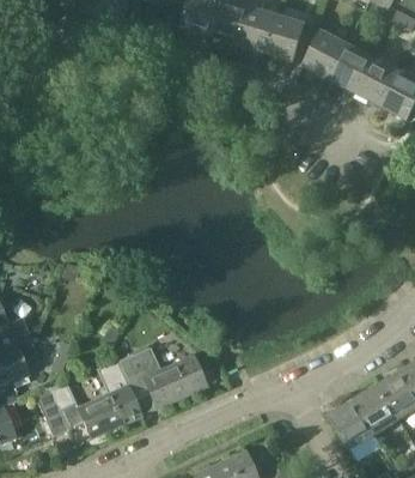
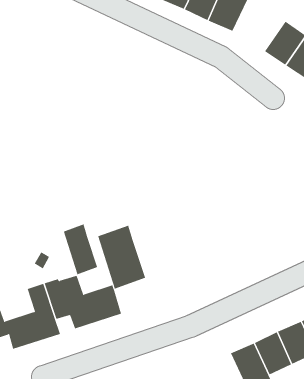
building: [303,29,348,78] -> none
building: none -> [97,225,146,289]
building: none -> [63,224,98,275]

